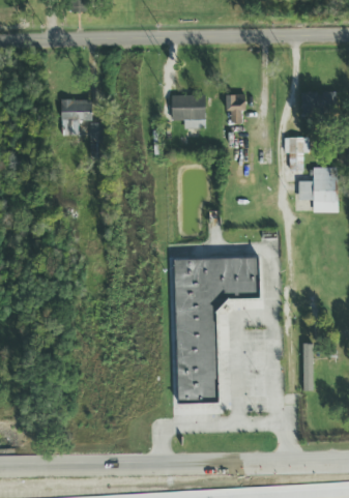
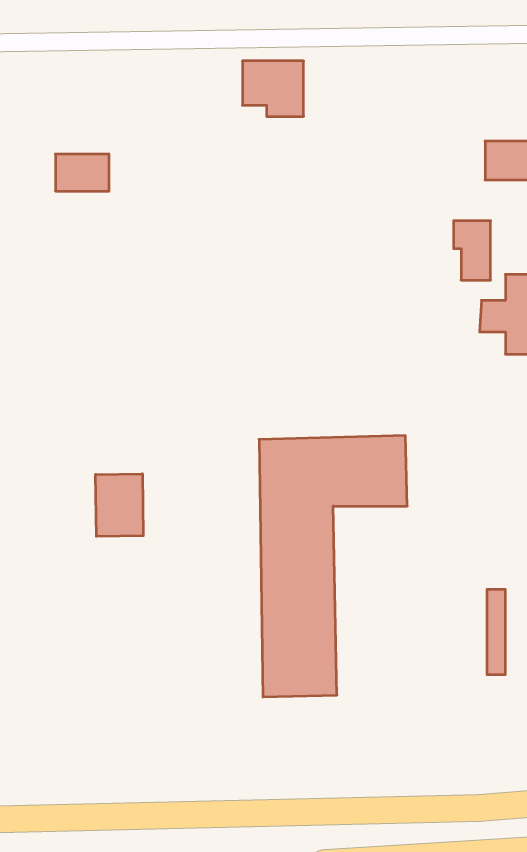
building: [225,94,244,123] -> none
building: [171,95,205,126] -> [242,61,304,116]
building: none -> [96,474,143,536]

